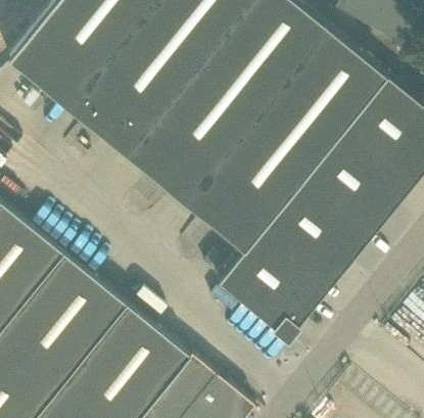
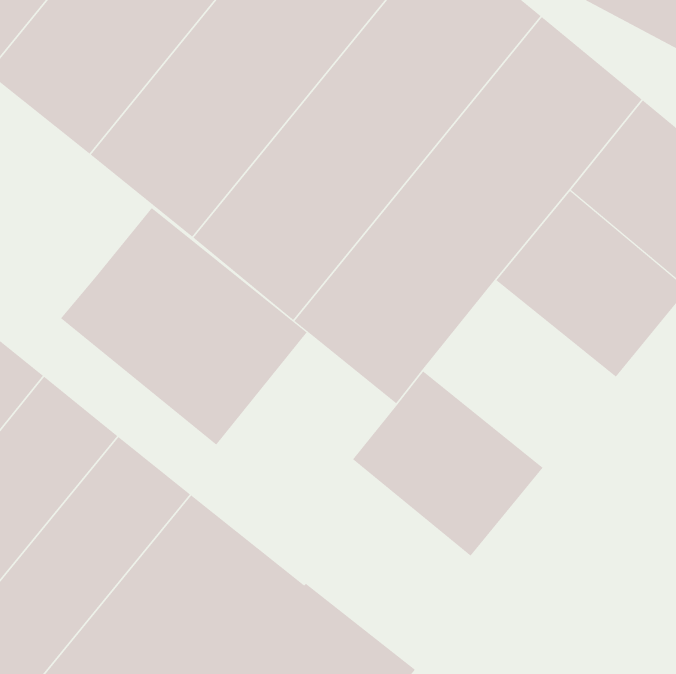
building: none -> [60,207,307,446]
building: [260,181,371,289] -> none

